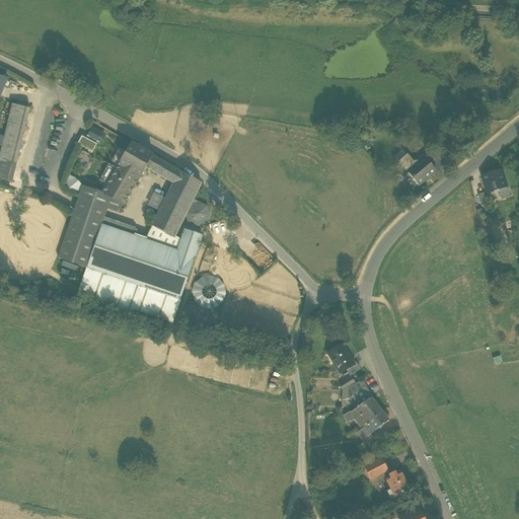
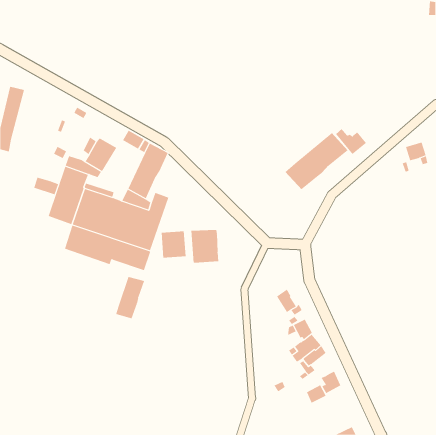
building: [118,142,152,175] -> none
building: none -> [284,132,349,190]
building: [184,202,208,224] -> none
building: none -> [33,177,59,195]
building: none -> [191,229,219,263]
building: none -> [115,276,145,319]
building: [384,471,409,499] -> [321,371,341,394]

